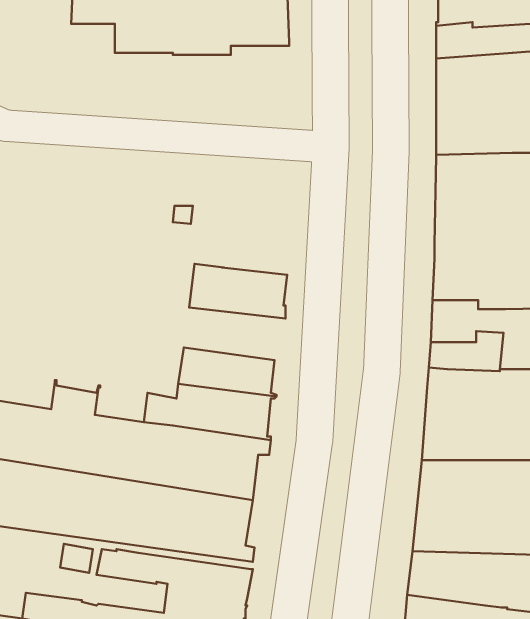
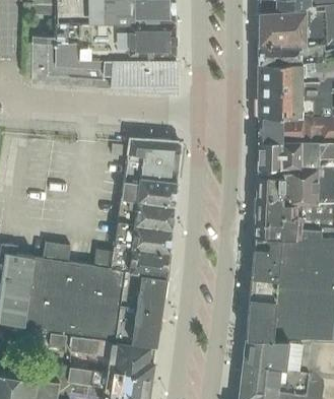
building: none -> [24,37,177,91]
building: none -> [124,138,182,184]
building: none -> [118,202,175,231]

